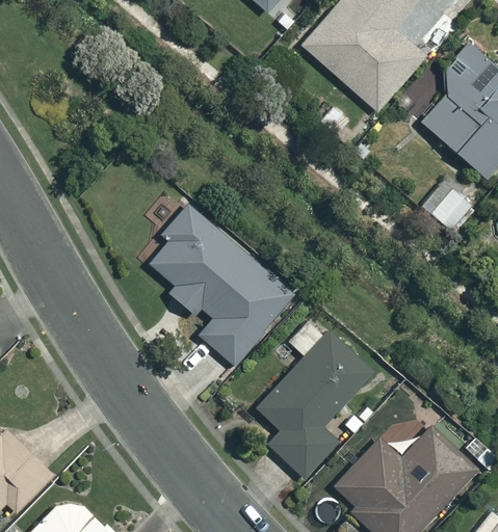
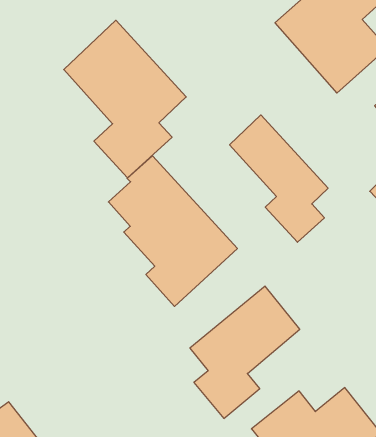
building: none -> [64,20,186,178]
building: none -> [230,115,328,242]

